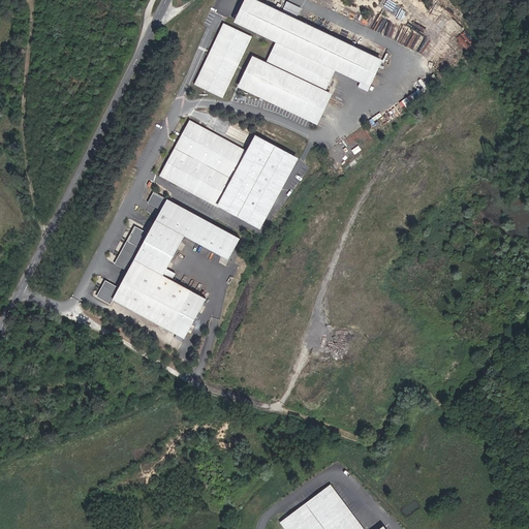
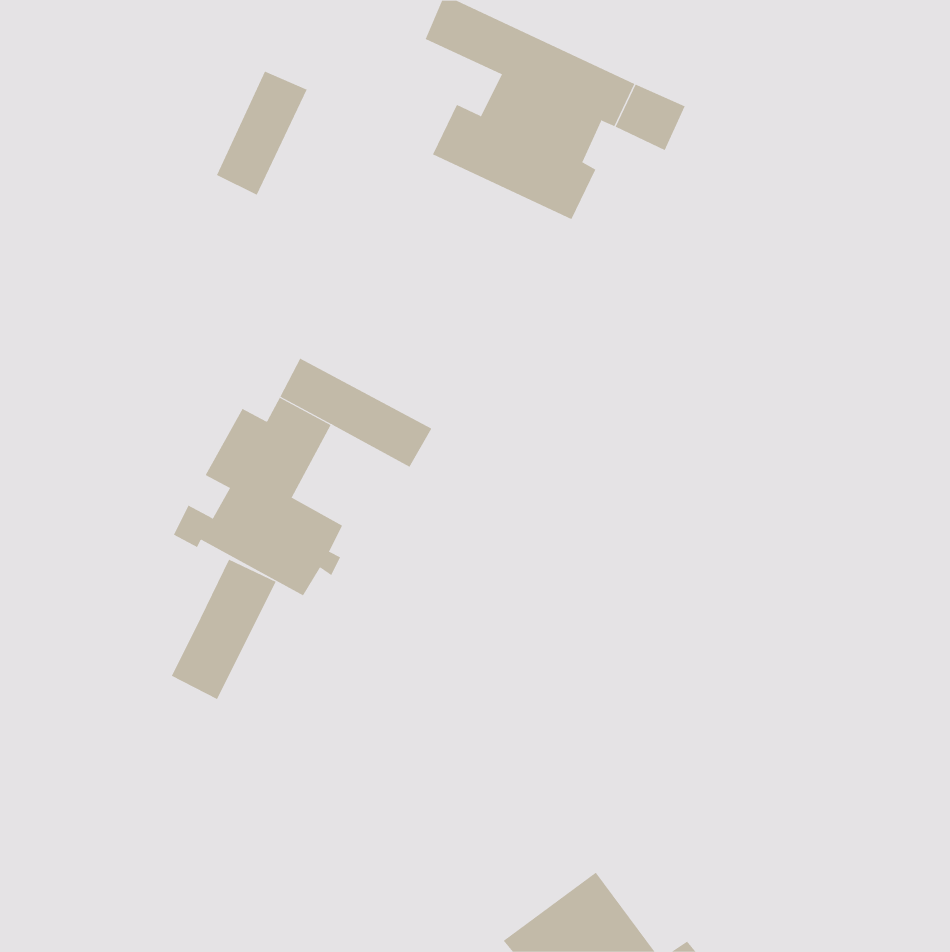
building: [198,26,249,95] -> [216,71,307,196]
building: [159,120,299,229] -> none
building: none -> [171,559,276,700]

